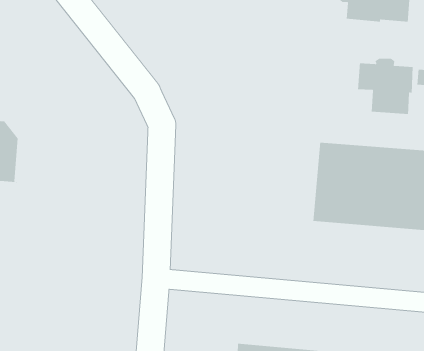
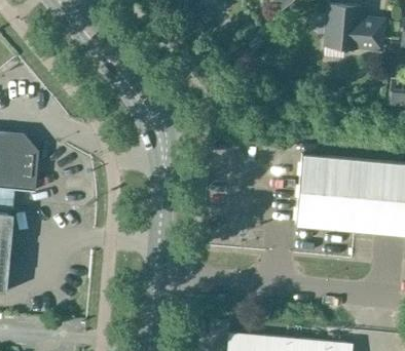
building: [357,58,413,115] -> none

